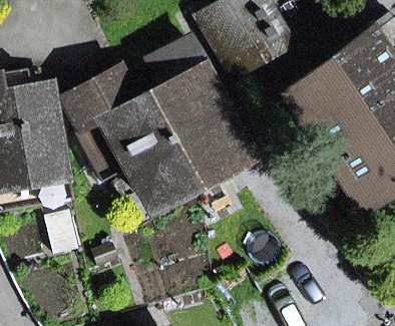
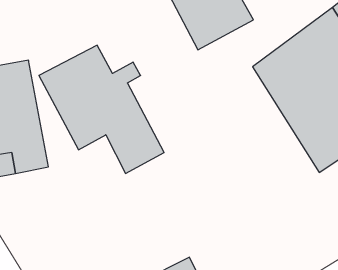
building: [146,40,250,185] -> none

